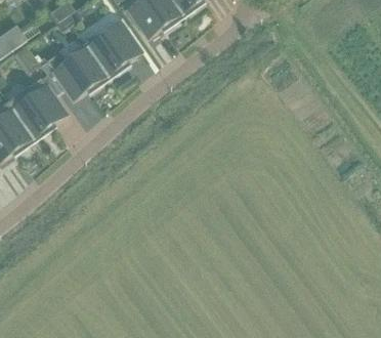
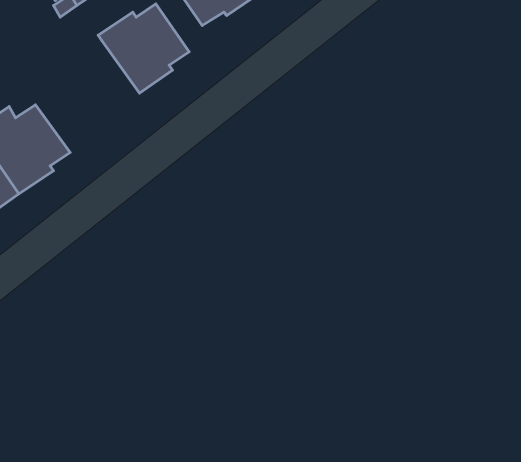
building: [40,41,109,97] -> none

